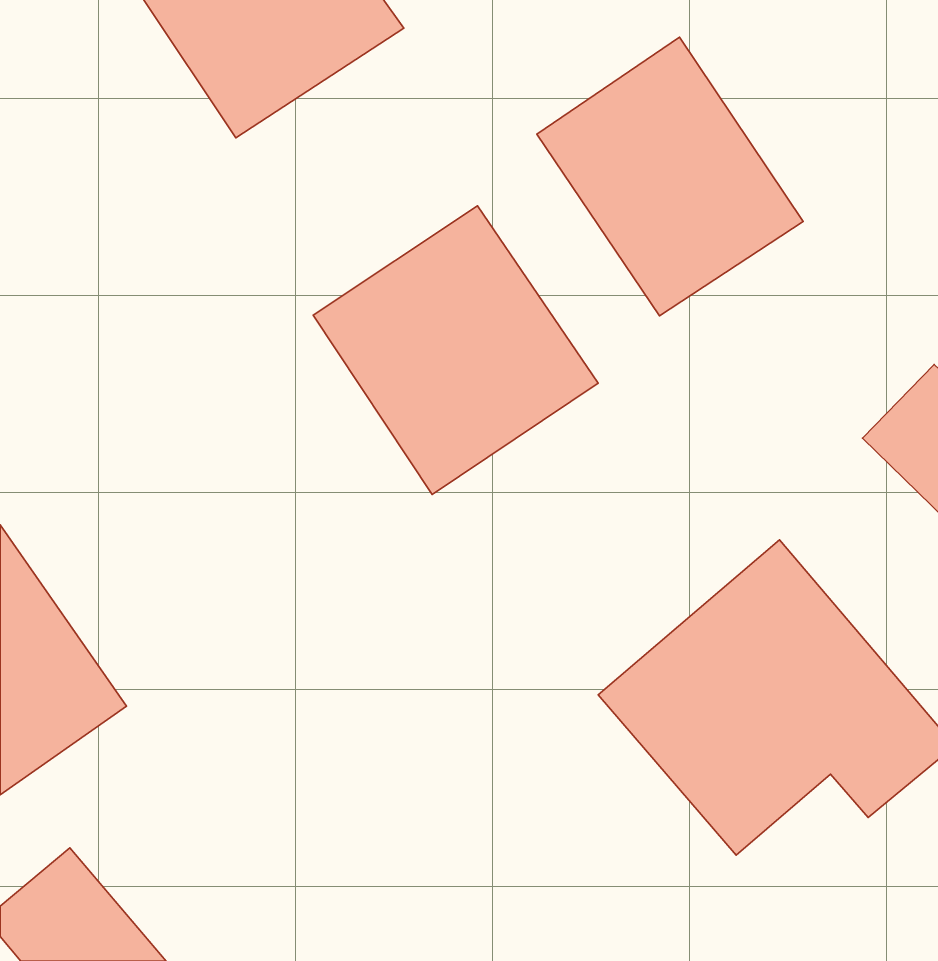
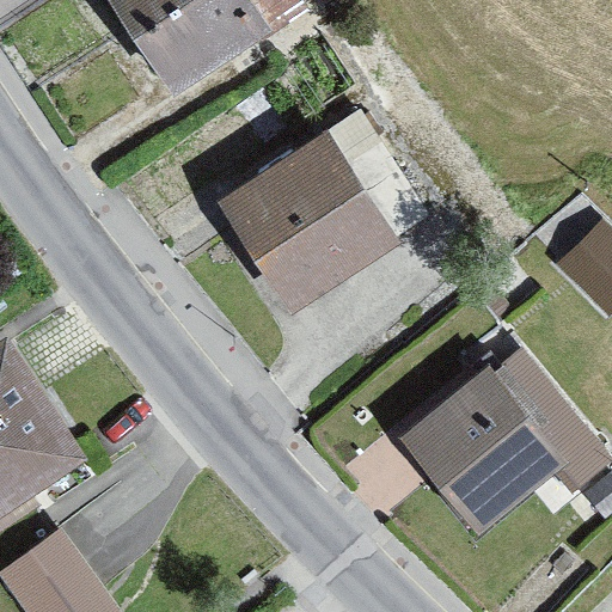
building: [537,37,803,316] -> none

